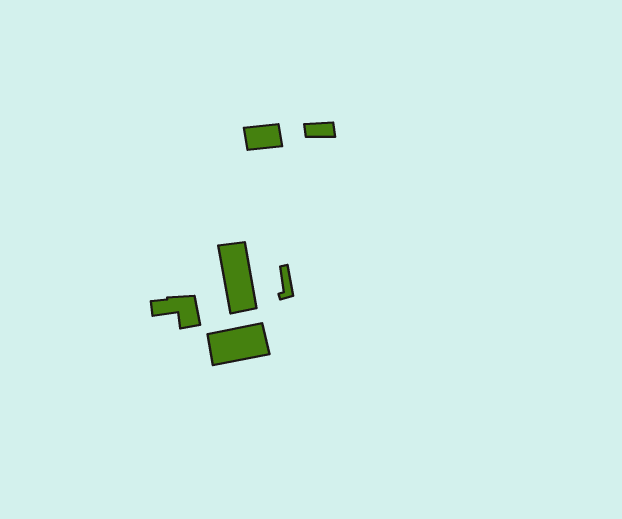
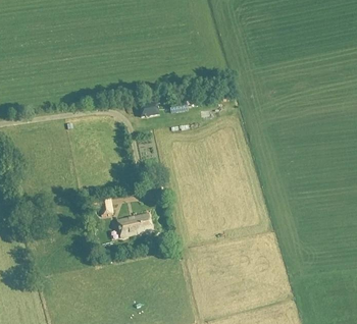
building: [218,242,256,313] -> none

